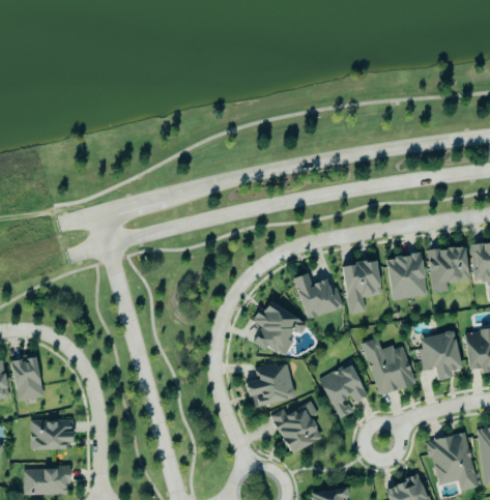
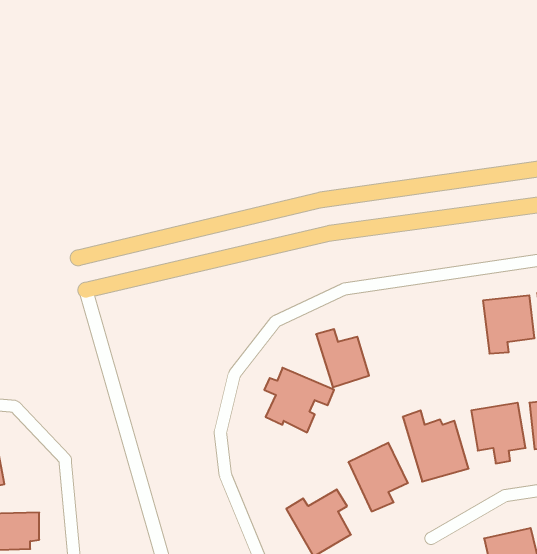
building: [385,253,426,299] -> none
building: [341,259,382,314] -> none
building: [244,361,295,406] -> none

